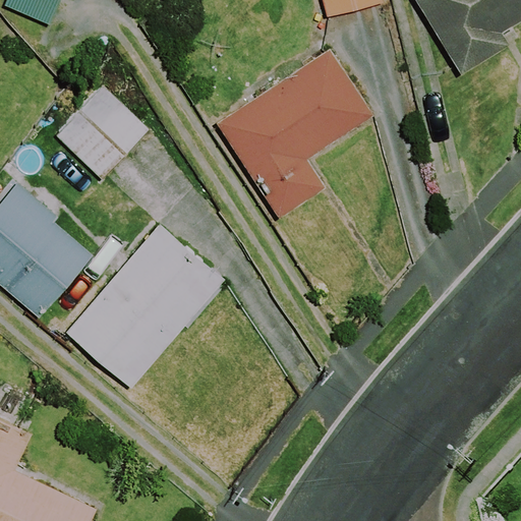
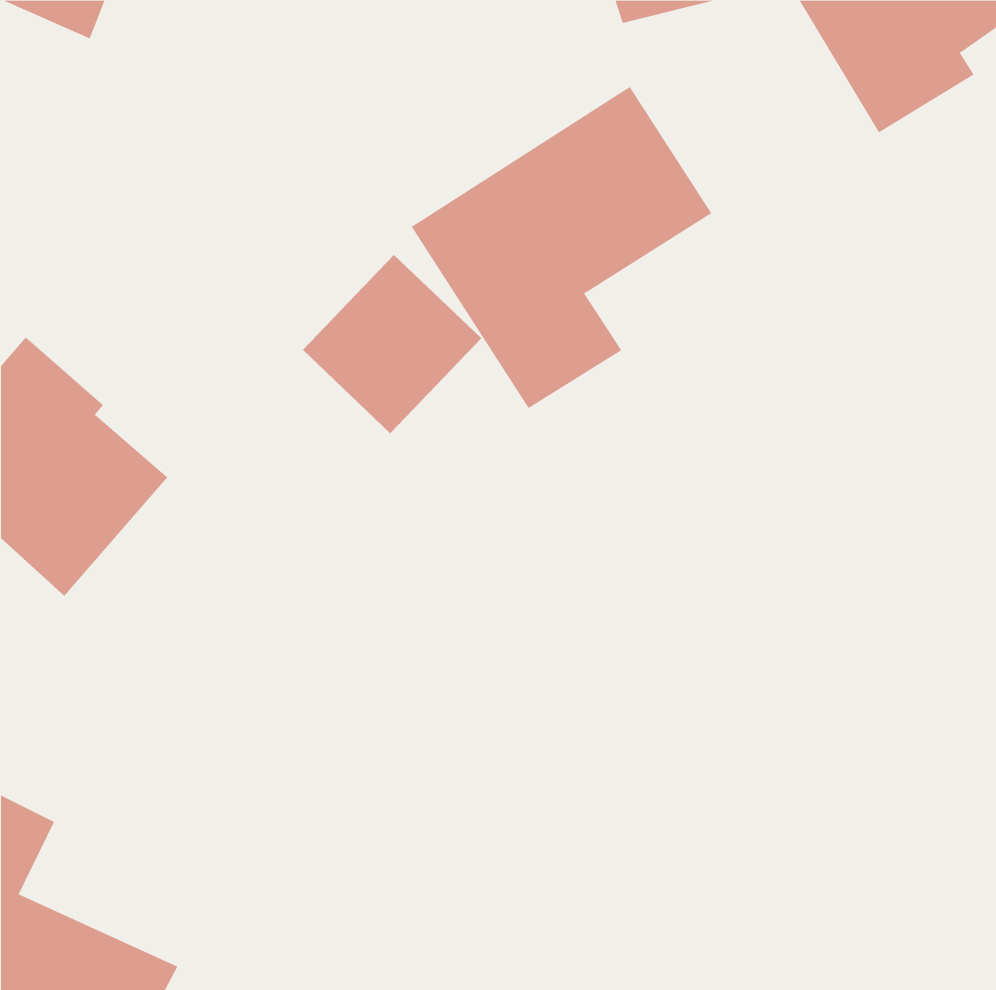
building: [54,85,148,179] -> [302,254,482,434]
building: [66,225,223,387] -> none

